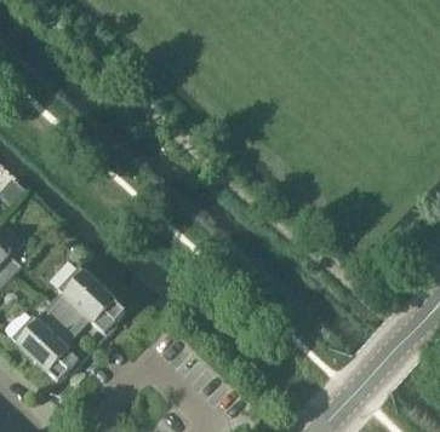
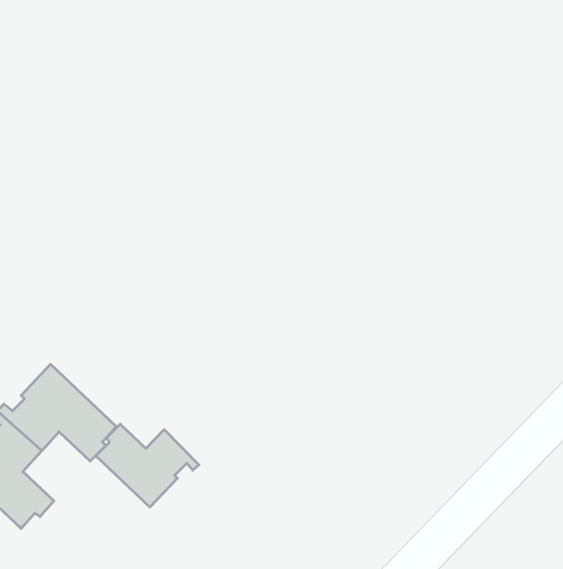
building: none -> [96,424,199,507]

